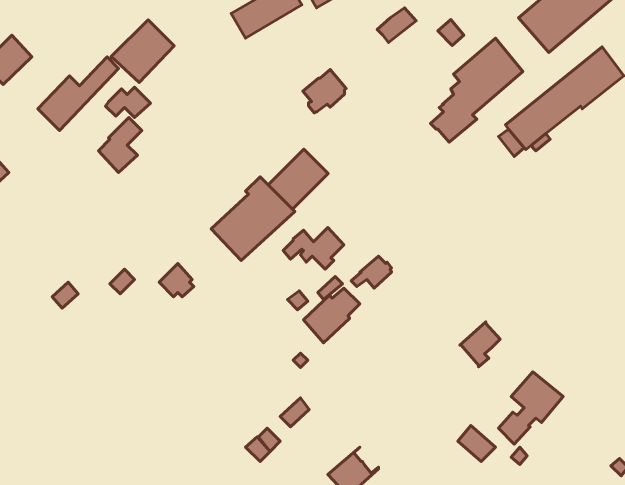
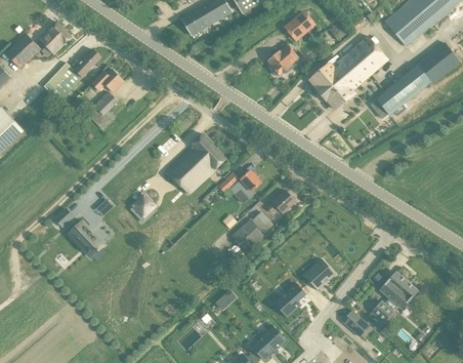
building: none -> [40,22,72,53]
building: [111,20,174,82] -> none
building: [303,70,346,113] -> [267,44,298,75]
building: none -> [310,60,343,95]
building: [268,149,328,209] -> none
building: none -> [66,221,99,255]
building: [460,322,500,367] -> [303,258,332,290]
building: none -> [277,283,304,318]

